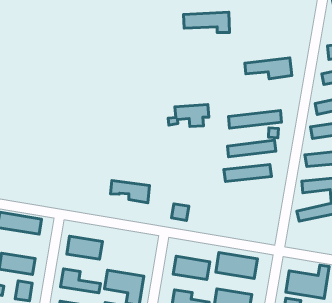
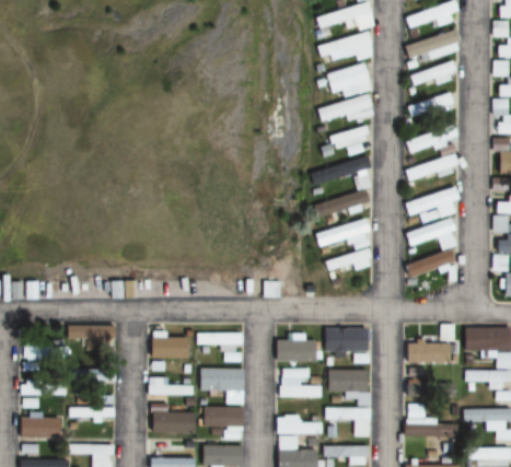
building: [183,12,230,33] -> [318,33,374,59]
building: none -> [327,63,372,94]
building: [168,104,209,126] -> [324,126,370,156]
building: [111,181,149,203] -> [197,332,242,352]
building: none -> [324,247,372,271]

